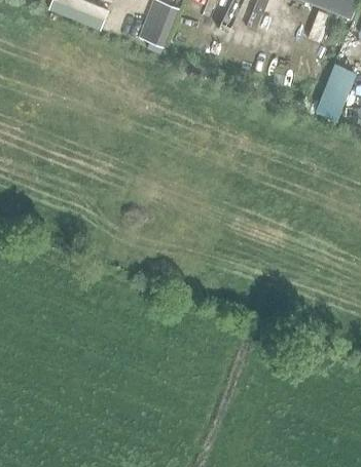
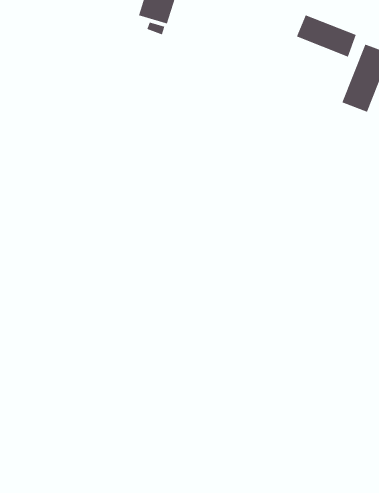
building: none -> [296,15,357,58]

